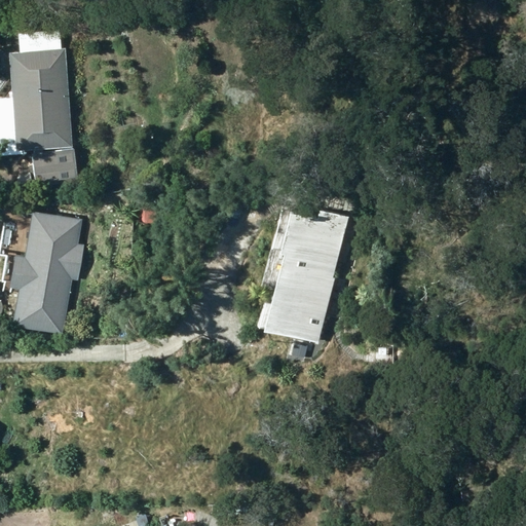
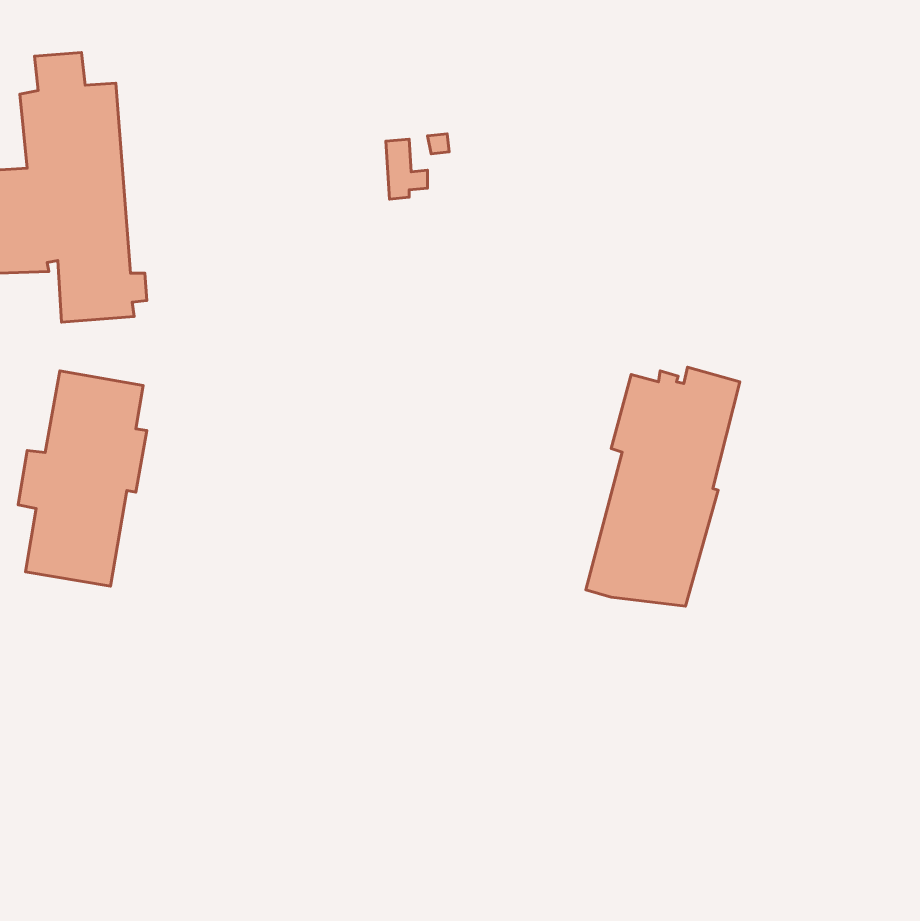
building: [256,208,343,343] -> [586,367,740,606]

